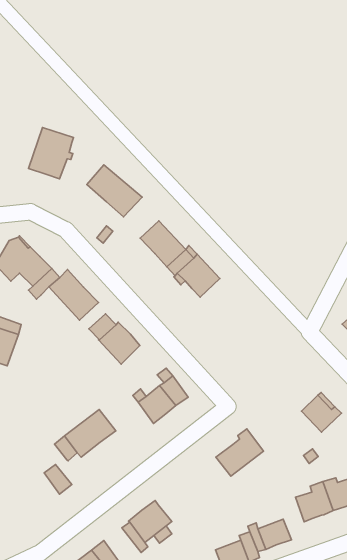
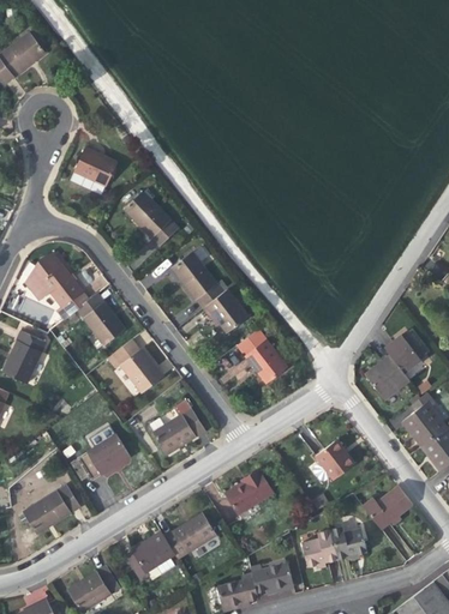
building: none -> [237,330,287,384]
building: none -> [23,493,66,534]
building: none -> [163,513,215,559]

